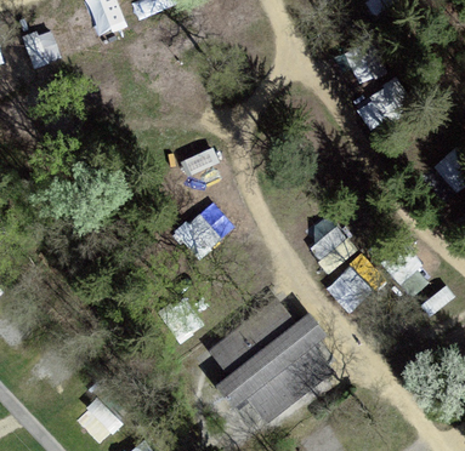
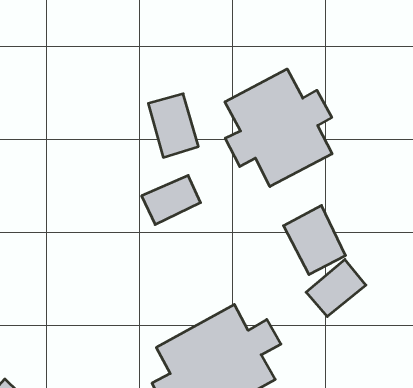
building: none -> [225,69,332,187]

